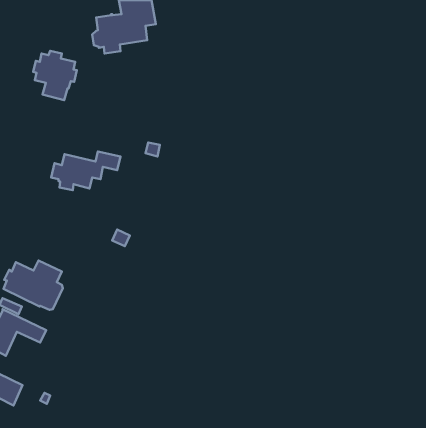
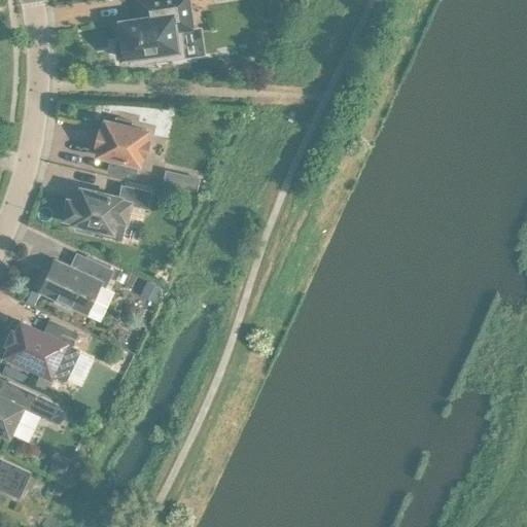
building: [33,51,77,100] -> [94,118,147,179]
building: none -> [39,256,111,310]

